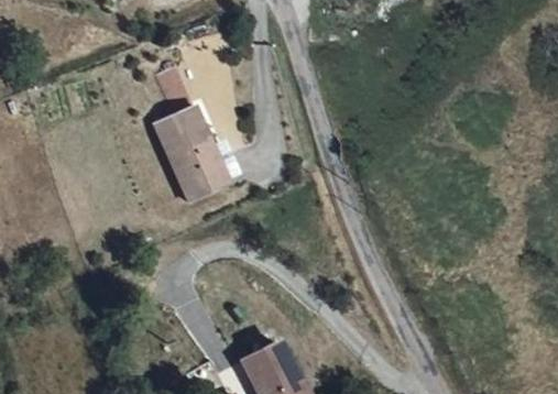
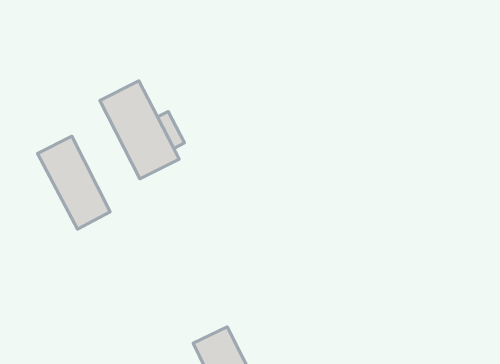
building: none -> [38,136,110,229]

